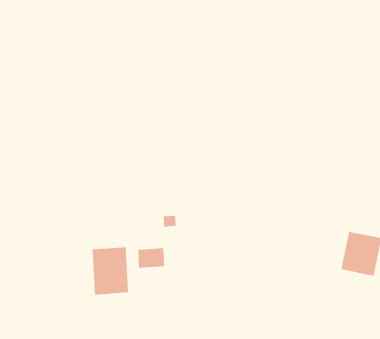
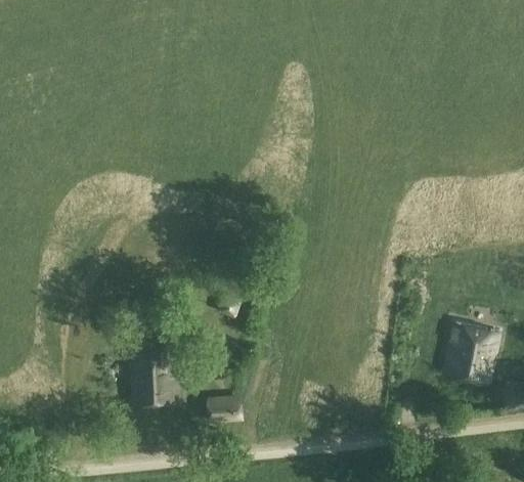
building: [137,248,165,268] -> [207,396,242,422]

